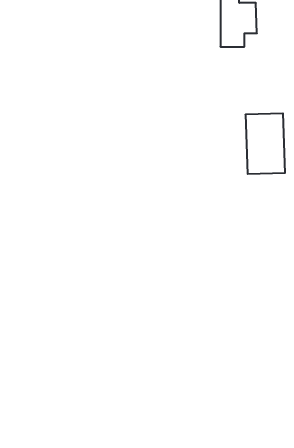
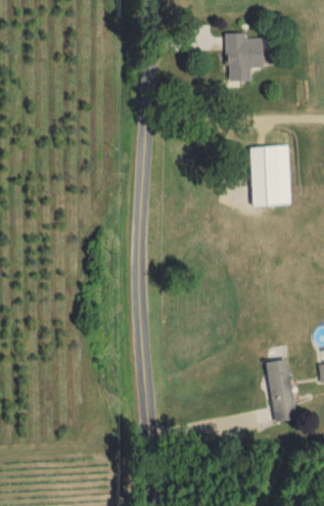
building: none -> [265,359,294,421]

